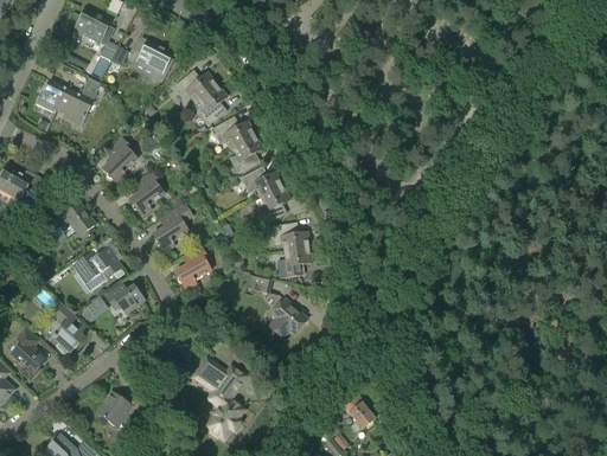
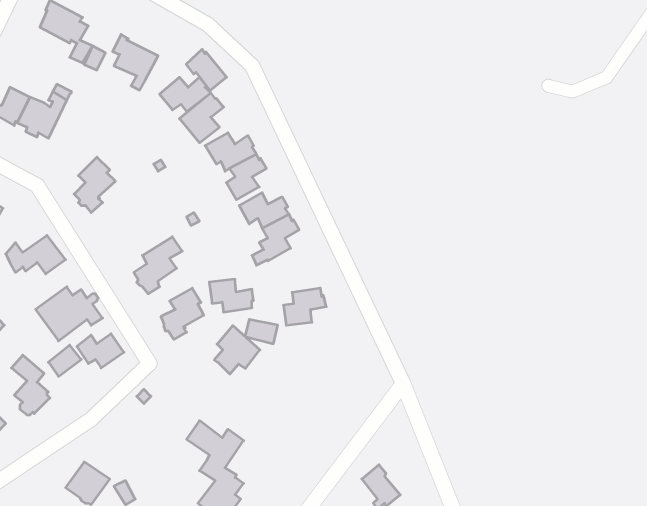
building: none -> [186,49,227,91]
building: [129,173,165,217] -> none
building: [273,224,309,251] -> [209,279,253,312]
building: [269,298,307,339] -> [214,326,260,374]

